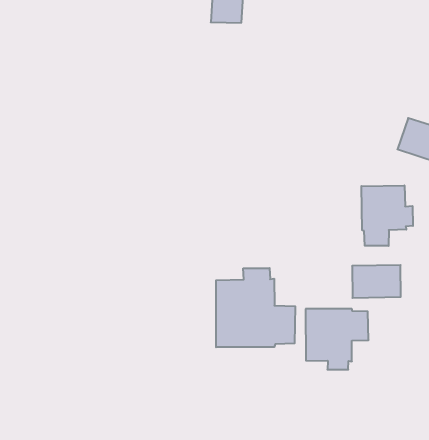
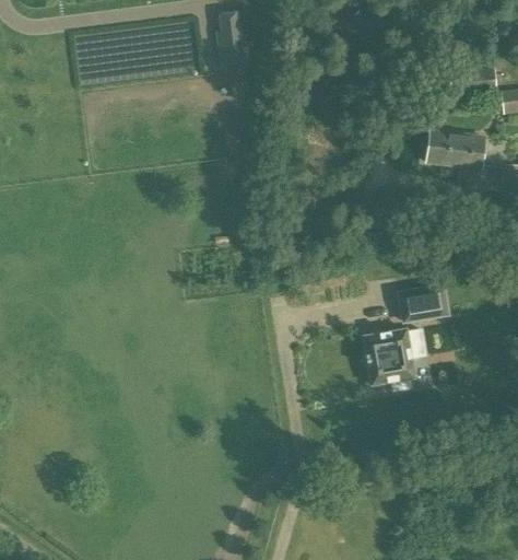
building: [361,185,413,246] -> none
building: [216,268,295,347] -> none

